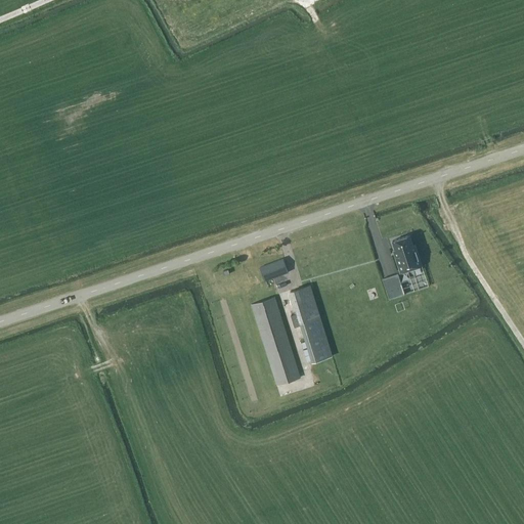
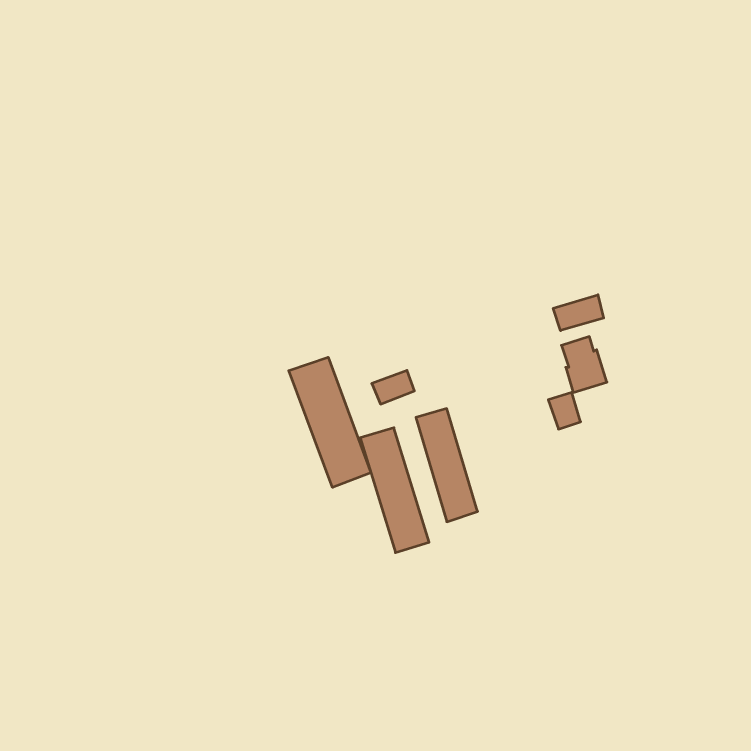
building: none -> [553,295,604,331]
building: none -> [289,357,371,487]

